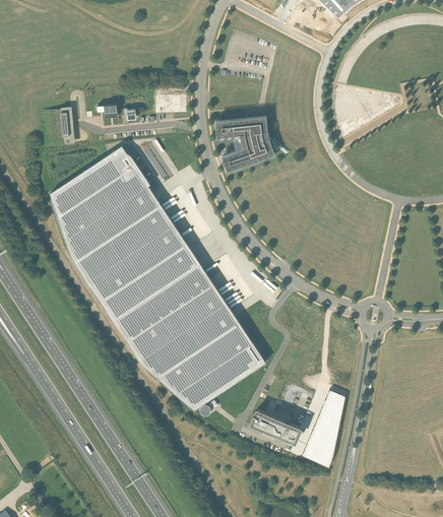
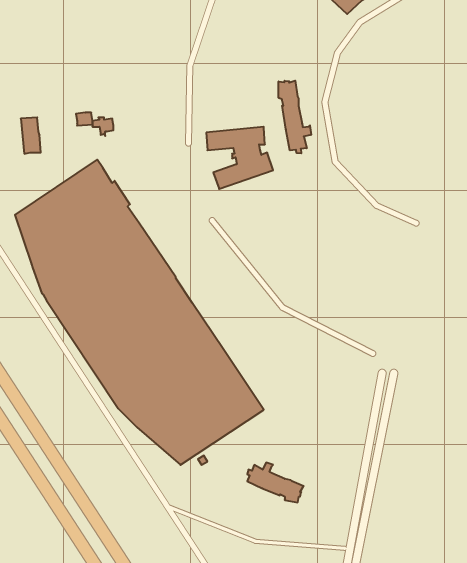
building: none -> [279,81,311,153]
building: [302,390,345,467] -> none

